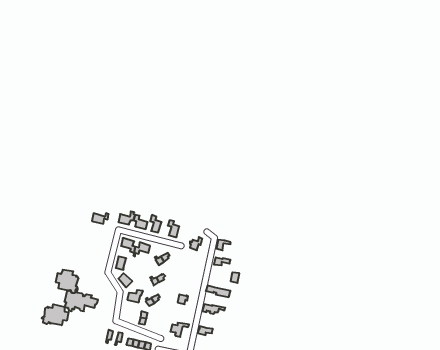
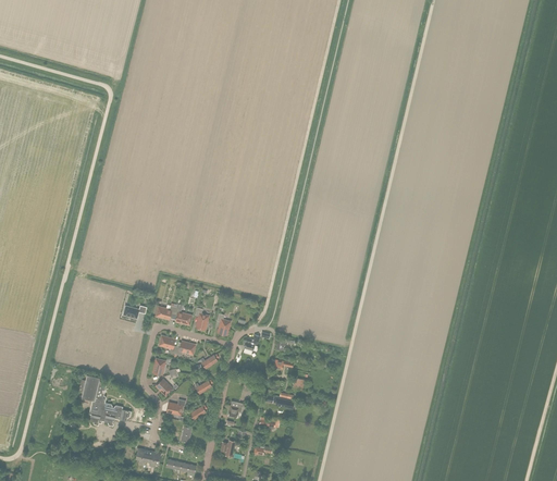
building: [42,304,68,325] -> none

